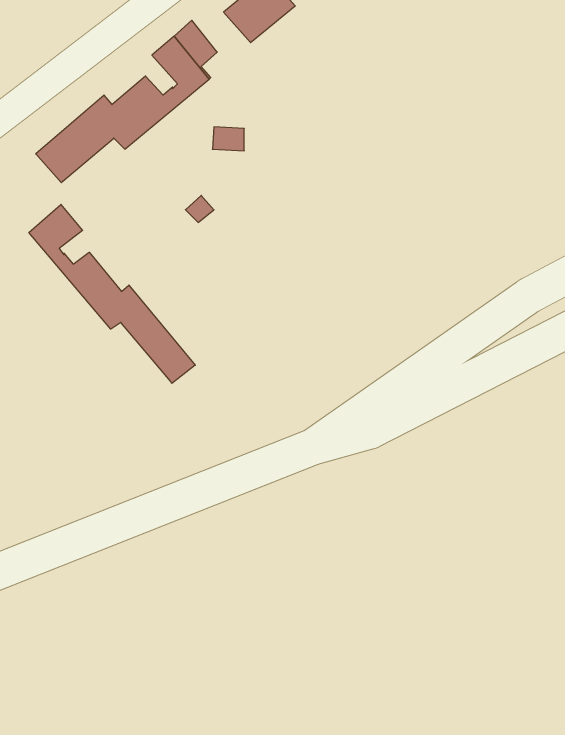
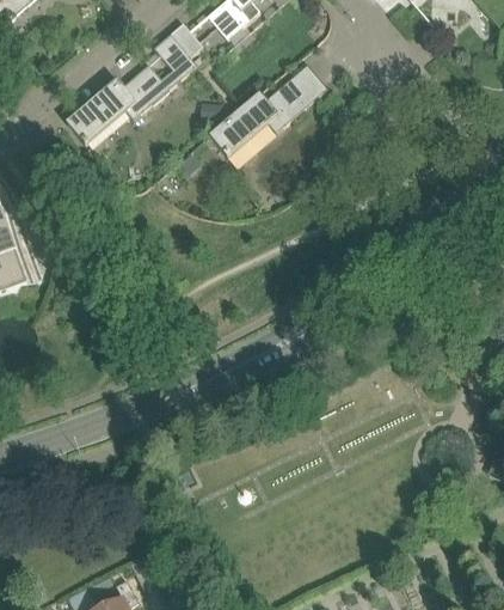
building: none -> [210,63,328,157]
building: [29,204,195,383] -> none

